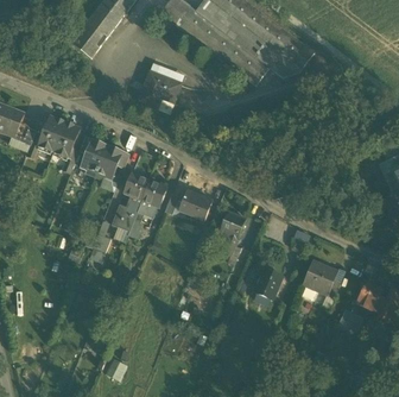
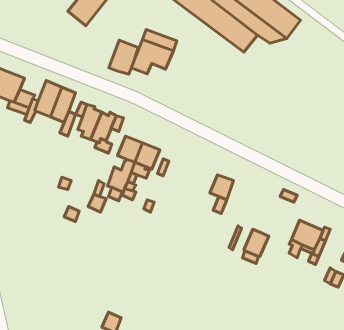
building: none -> [109,40,138,74]
building: [179,193,211,220] -> none

